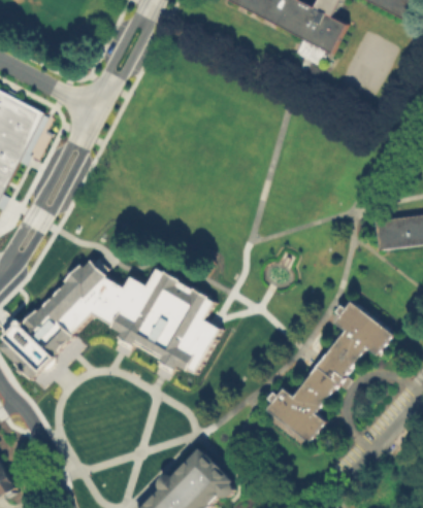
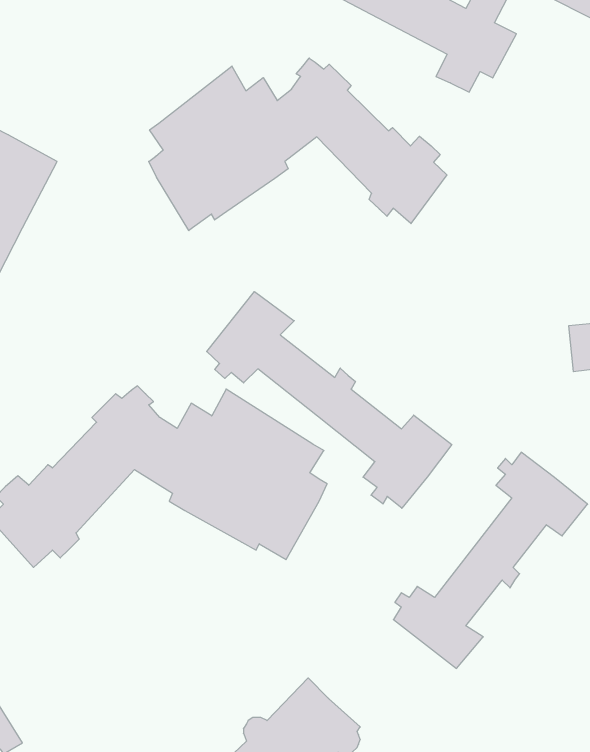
building: none -> [149,58,447,231]
building: none -> [207,292,452,508]

